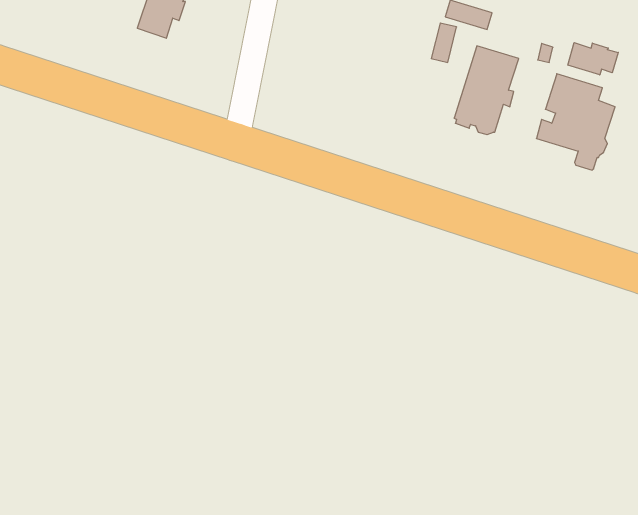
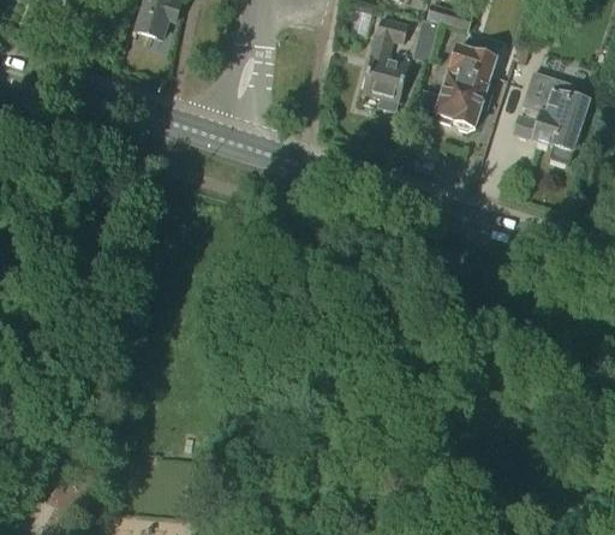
building: none -> [362,18,408,100]
building: [568,43,618,75] -> none

